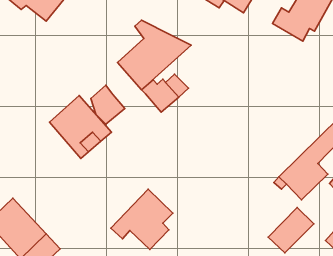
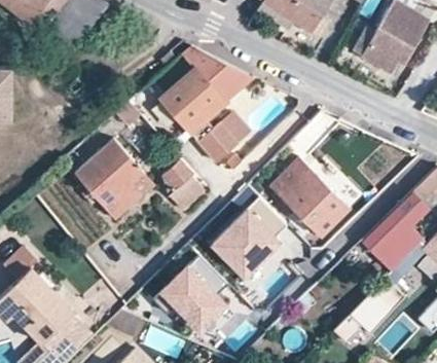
building: [91,85,125,124] -> [162,161,205,210]
building: none -> [267,158,349,238]
building: none -> [210,198,285,279]

